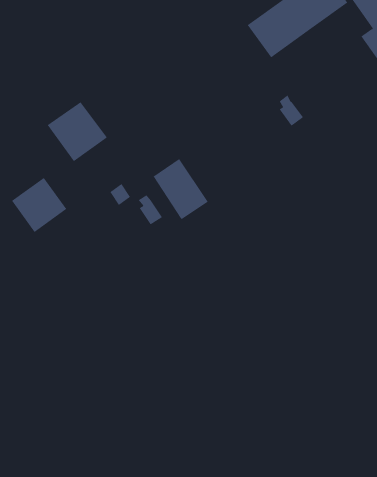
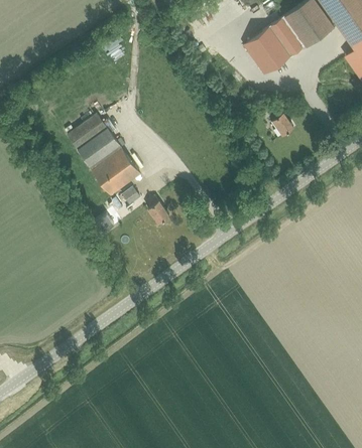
building: [153,158,208,220] -> none
building: [11,177,67,233] -> [91,146,140,195]

